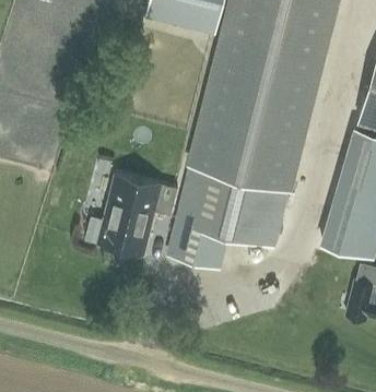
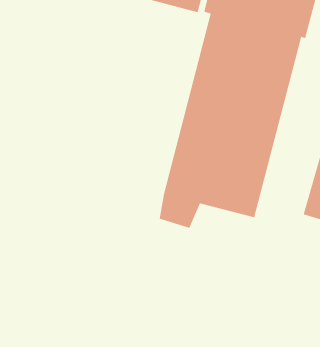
building: [97,177,177,256] -> none

